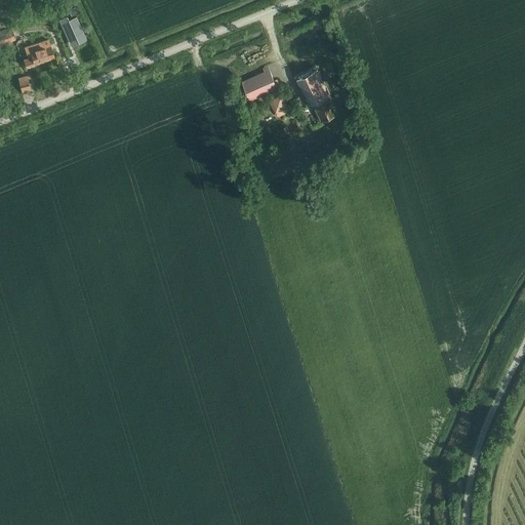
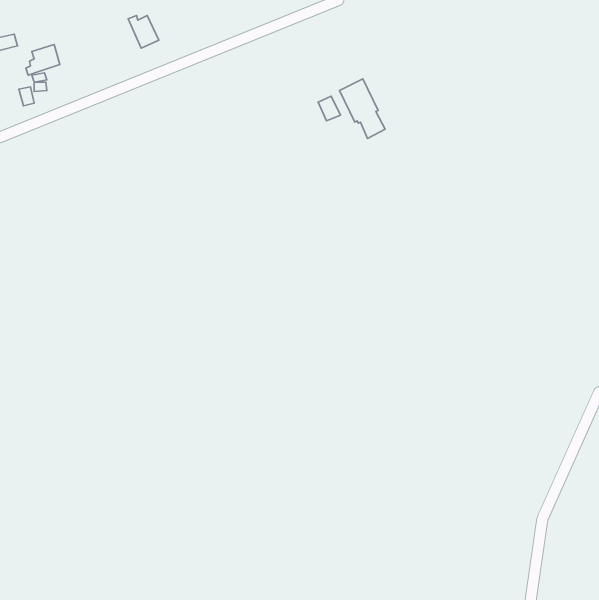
building: [58,16,85,45] -> [128,15,159,48]
building: [243,71,276,97] -> none

